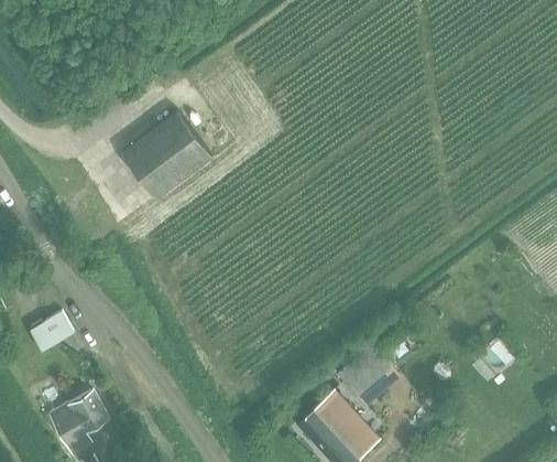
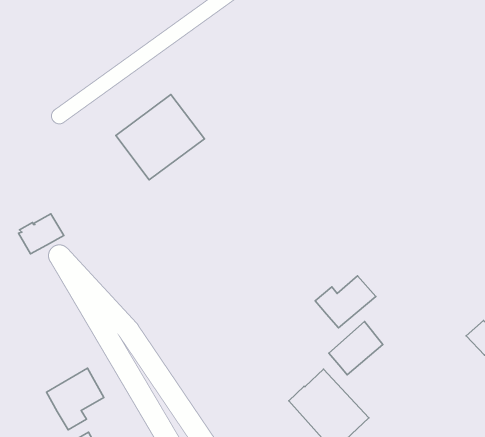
building: none -> [315,276,376,328]
building: [30,311,76,352] -> [18,214,64,254]

